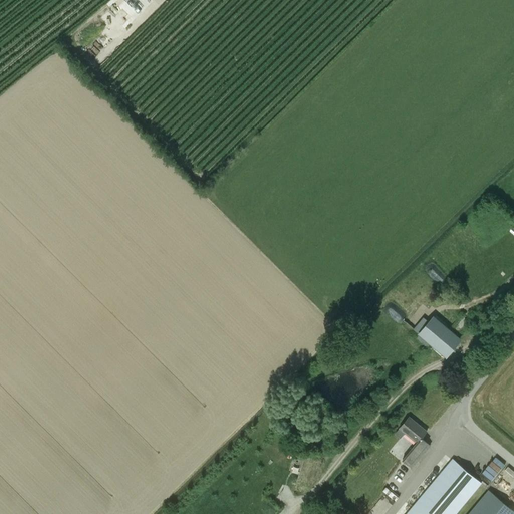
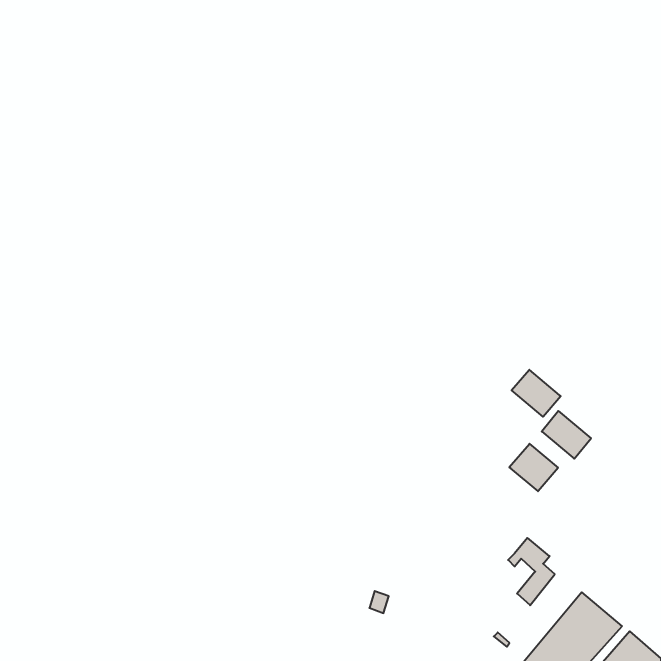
building: none -> [512,370,561,417]
building: none -> [509,444,558,491]

